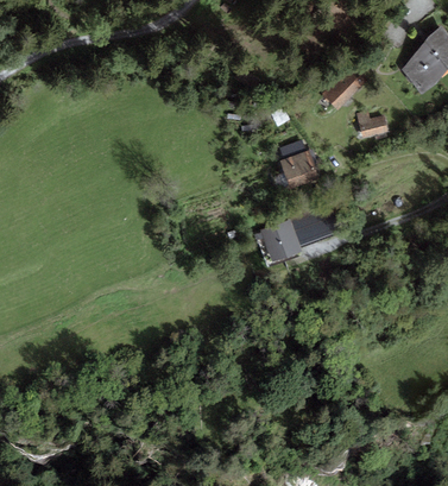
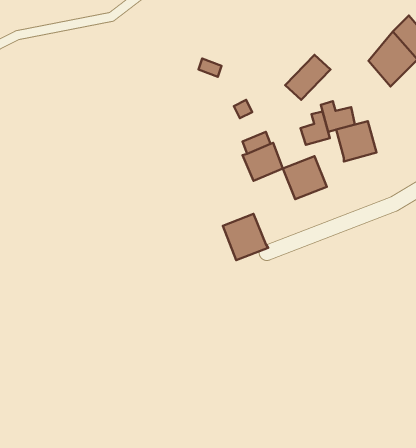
building: none -> [300,111,330,145]
building: none -> [336,121,376,162]
building: [289,208,332,250] -> [283,156,327,199]

